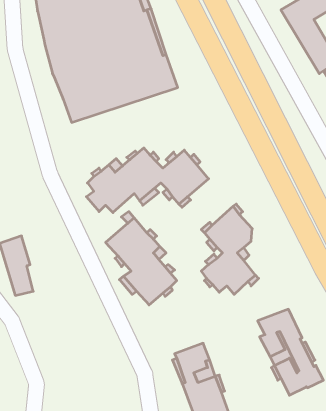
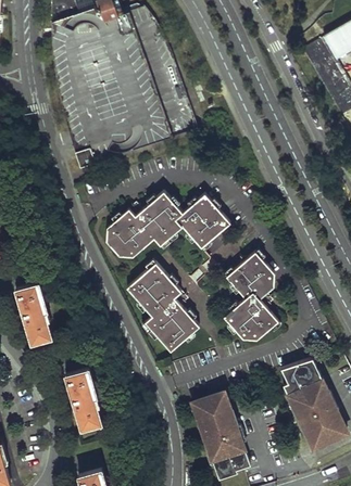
building: none -> [65,369,100,427]

